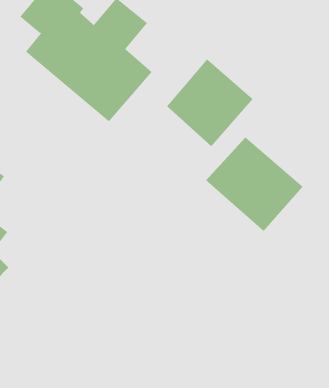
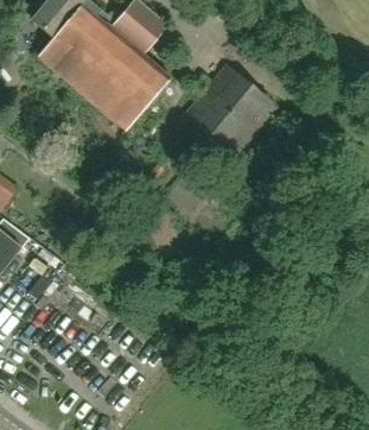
building: [205,136,303,232] -> none

